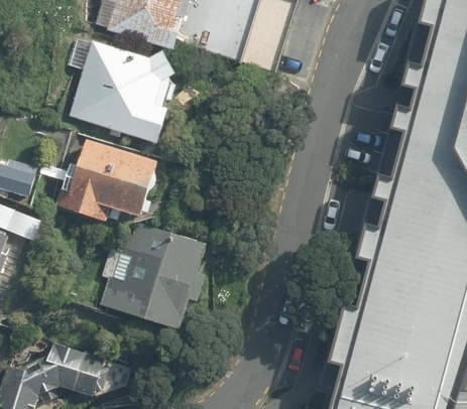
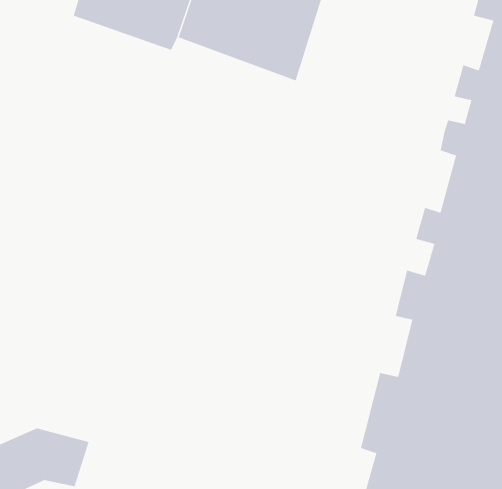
building: [72,39,180,144] -> none
building: [60,136,162,222] -> none
building: [104,222,207,327] -> none

